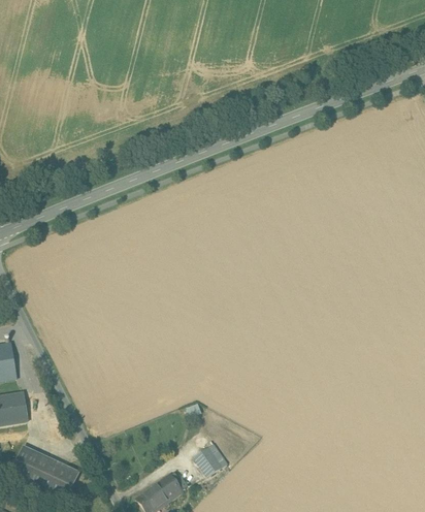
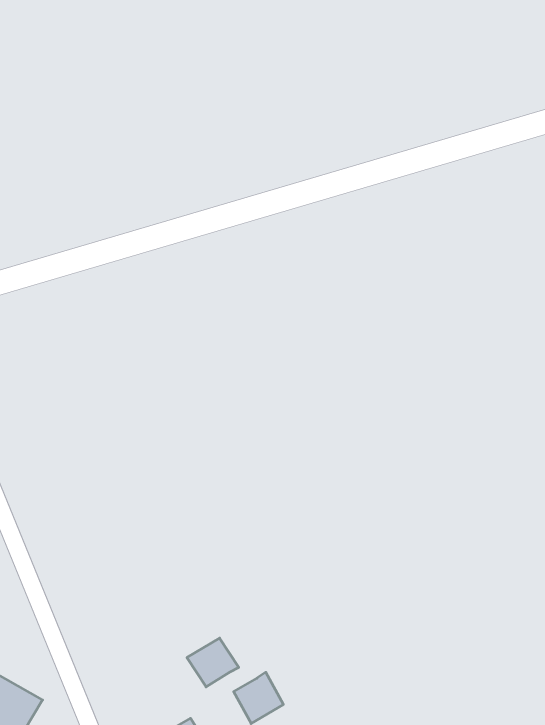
building: none -> [187,638,239,687]

